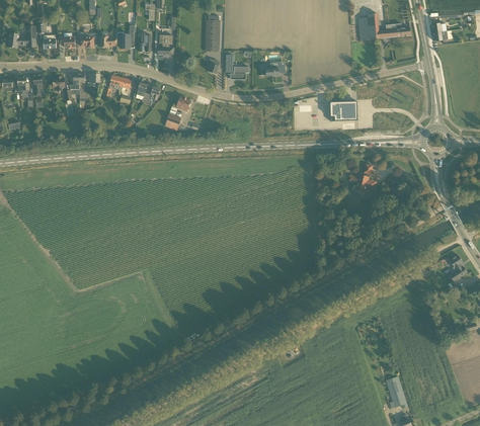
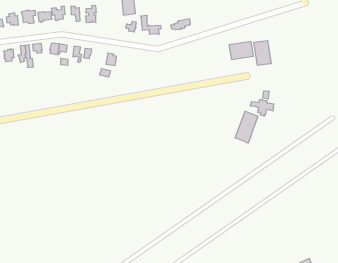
building: none -> [254,40,271,65]
building: none -> [235,111,258,143]

